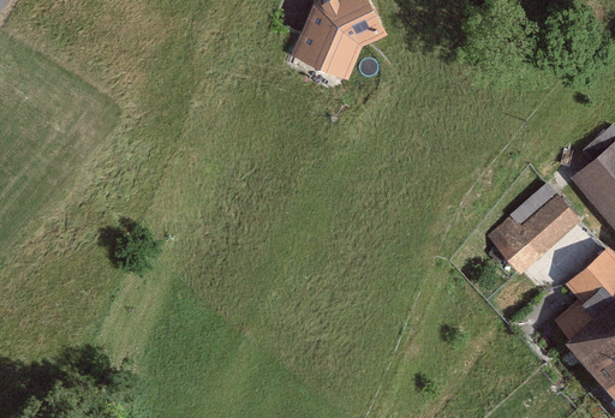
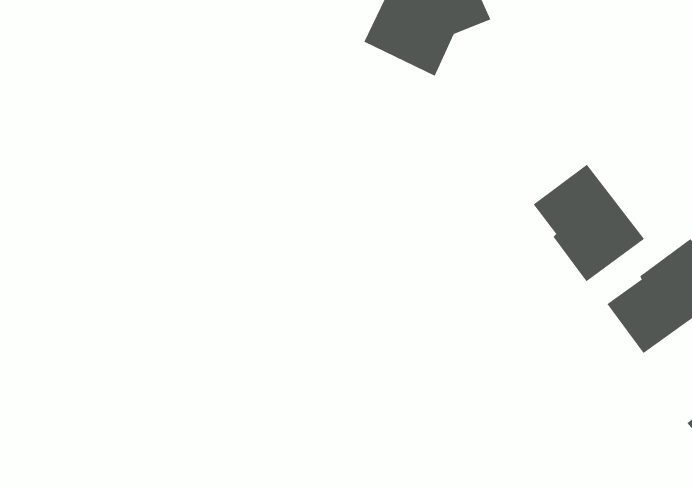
building: none -> [533,164,645,282]

